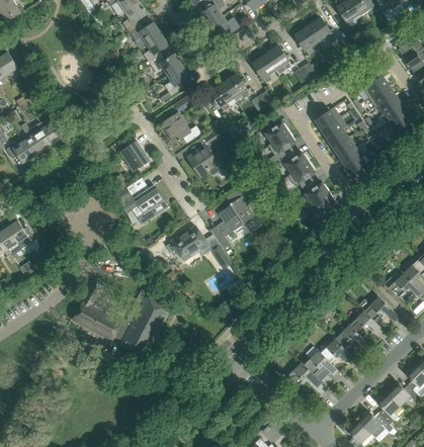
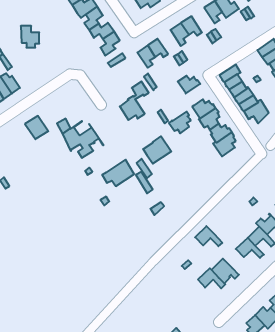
building: [162,112,190,142] -> none
building: [268,130,295,158] -> [169,112,191,133]
building: [120,141,150,170] -> [25,116,48,139]
building: [73,280,170,357] -> none
building: [321,338,355,363] -> [195,226,222,246]

